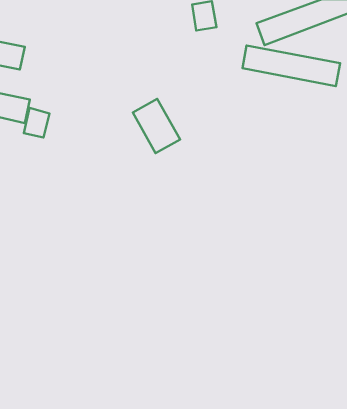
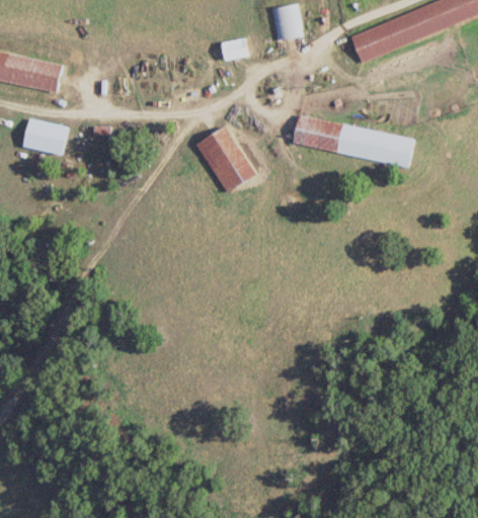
building: none -> [221,39,248,61]
building: [243,45,340,86] -> [294,116,415,167]
building: [24,108,49,138] -> none

